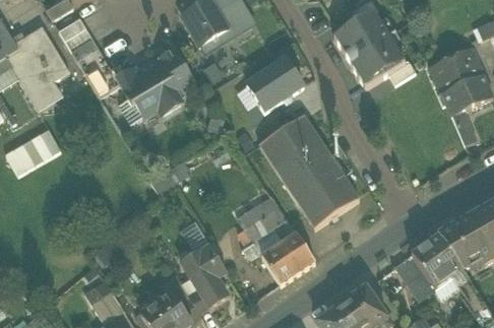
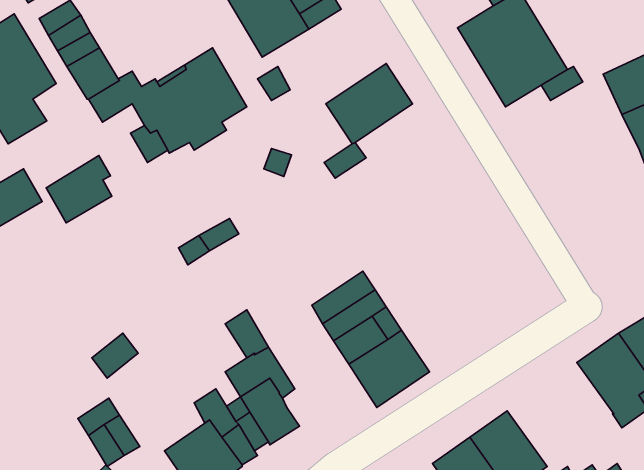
building: [259,114,359,226] -> none
building: none -> [46,155,112,223]
building: [387,254,436,306] -> none

